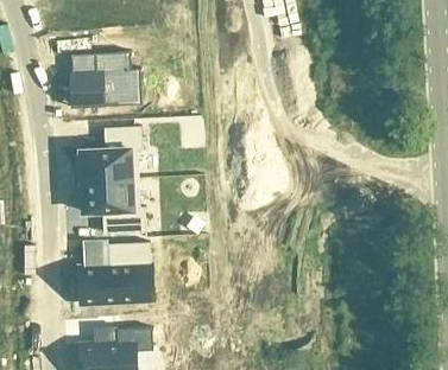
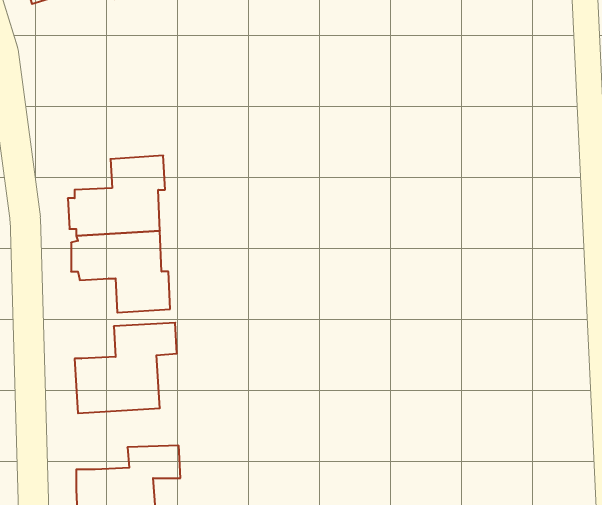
building: [61,52,128,108] -> none

